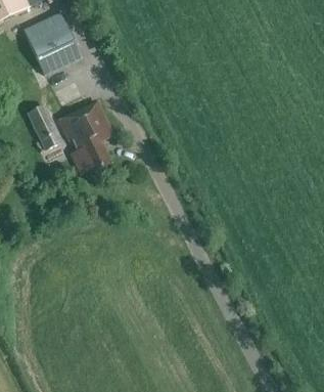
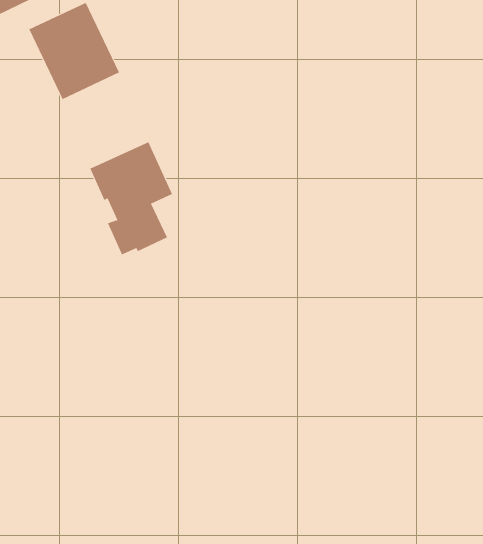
building: [30,103,62,148] -> none

